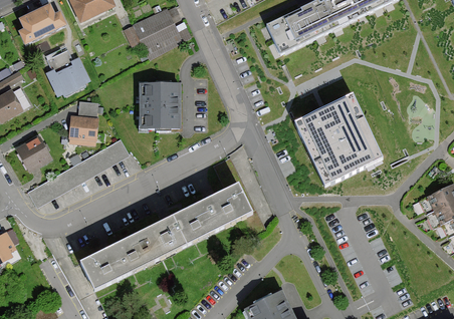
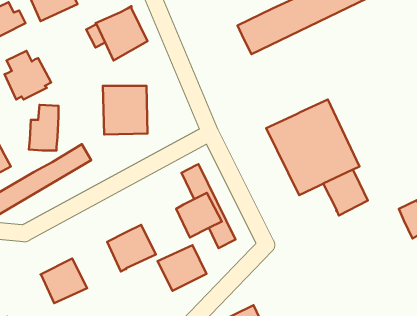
building: none -> [323,169,368,215]
building: [176,200,222,243] -> [158,245,206,291]
building: [110,231,157,275] -> none

